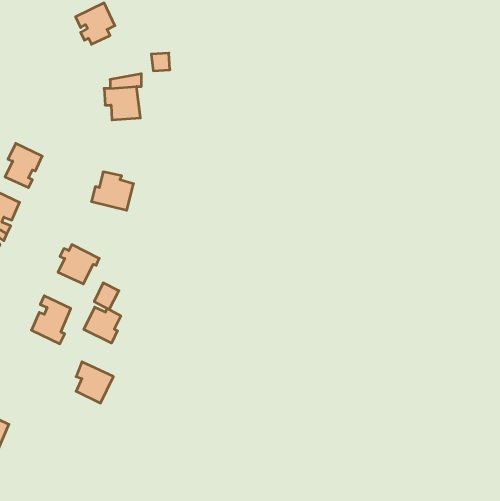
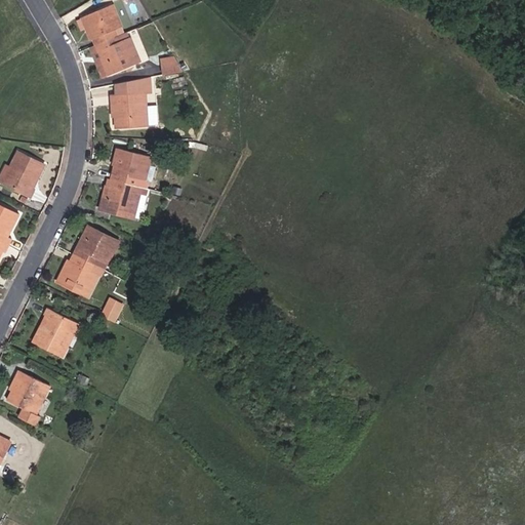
building: none -> [95,38,138,79]
building: none -> [108,147,150,185]
building: none -> [75,228,118,271]
building: [84,307,121,343] -> none
building: [76,362,113,403] -> [10,370,49,413]

